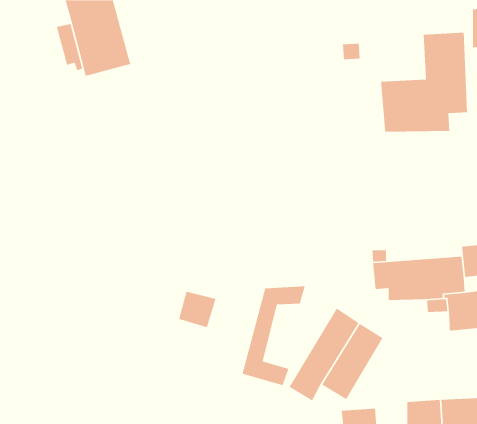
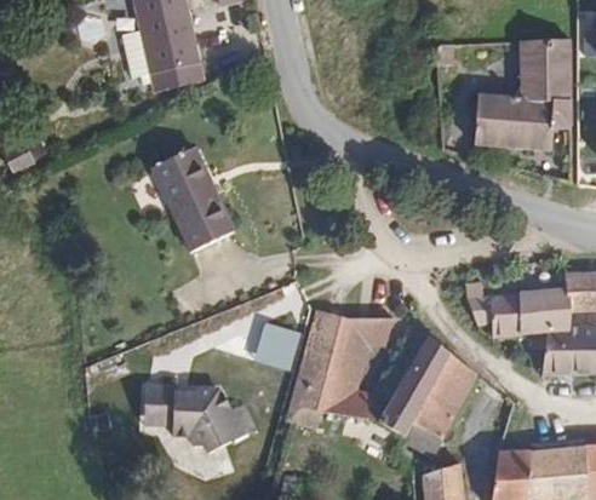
building: none -> [150,131,233,234]
building: none -> [286,315,346,432]
building: none -> [144,391,250,464]

